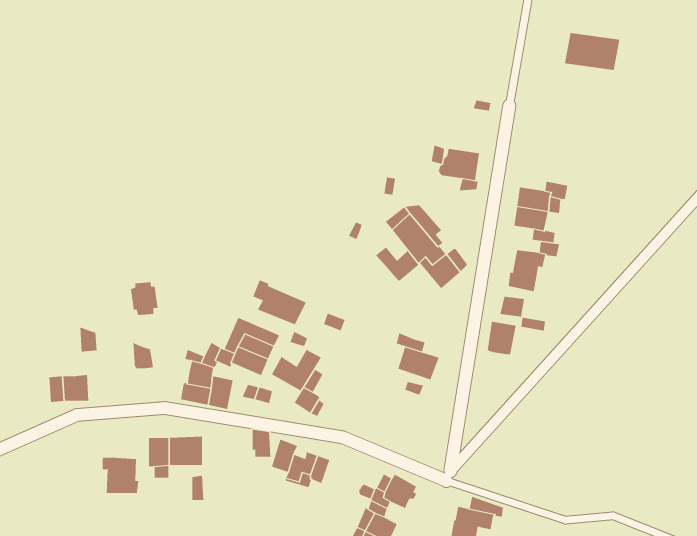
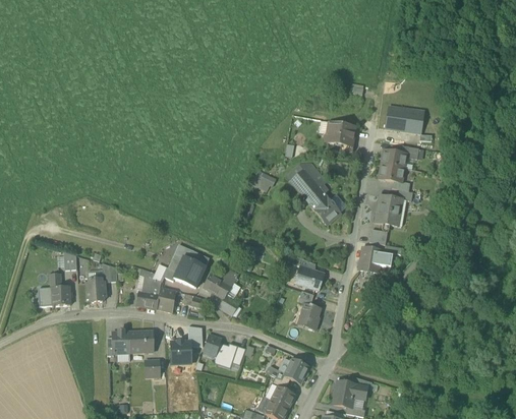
building: [564,33,620,70] -> [384,106,424,133]
building: [375,247,419,282] -> none
building: [253,279,307,325] -> none
building: [130,282,158,315] -> [85,278,106,302]
building: none -> [300,303,321,331]
building: none -> [171,340,190,363]
building: [102,457,139,494] -> none

